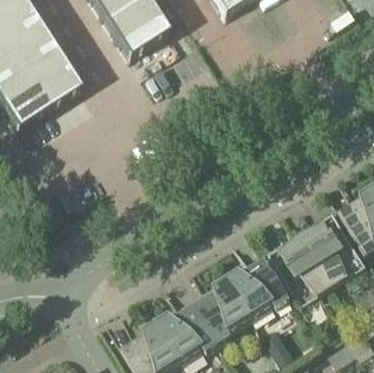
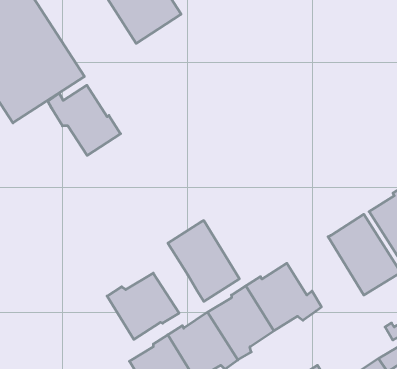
building: none -> [48,85,121,155]
building: [272,230,337,302] -> [168,221,239,301]
building: none -> [107,273,179,339]

